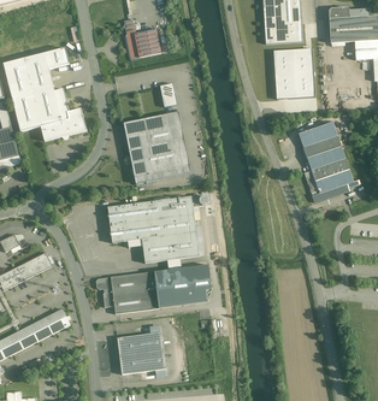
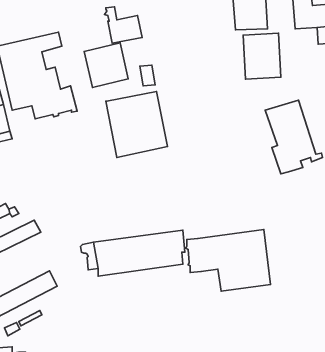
building: none -> [84,43,128,87]
building: [106,196,199,264] -> [186,230,271,291]
building: [117,324,166,377] -> none

